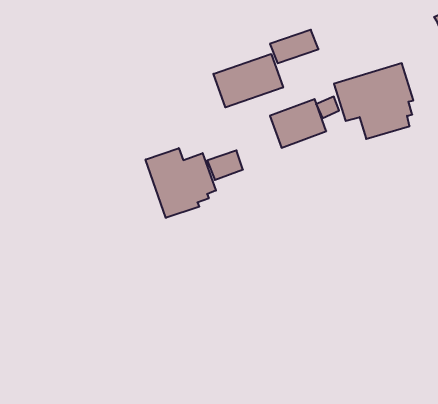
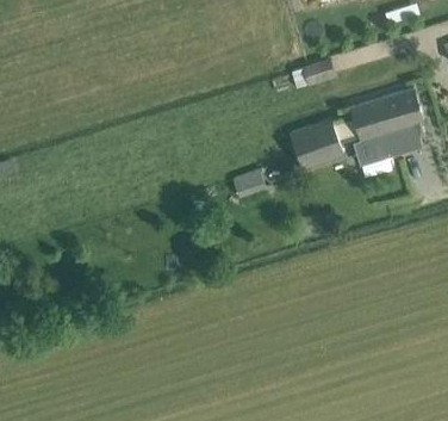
building: [213,54,283,107] -> none
building: [146,148,216,218] -> none

